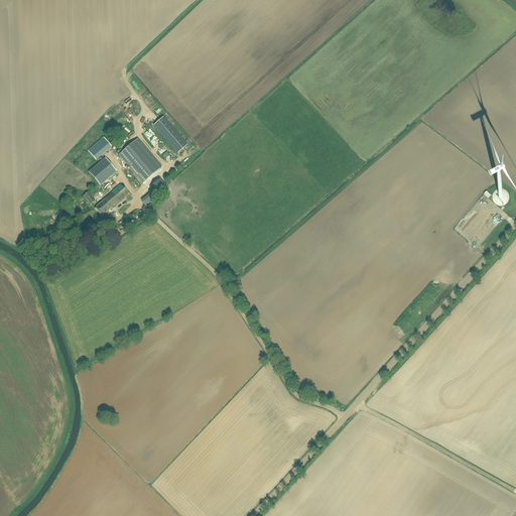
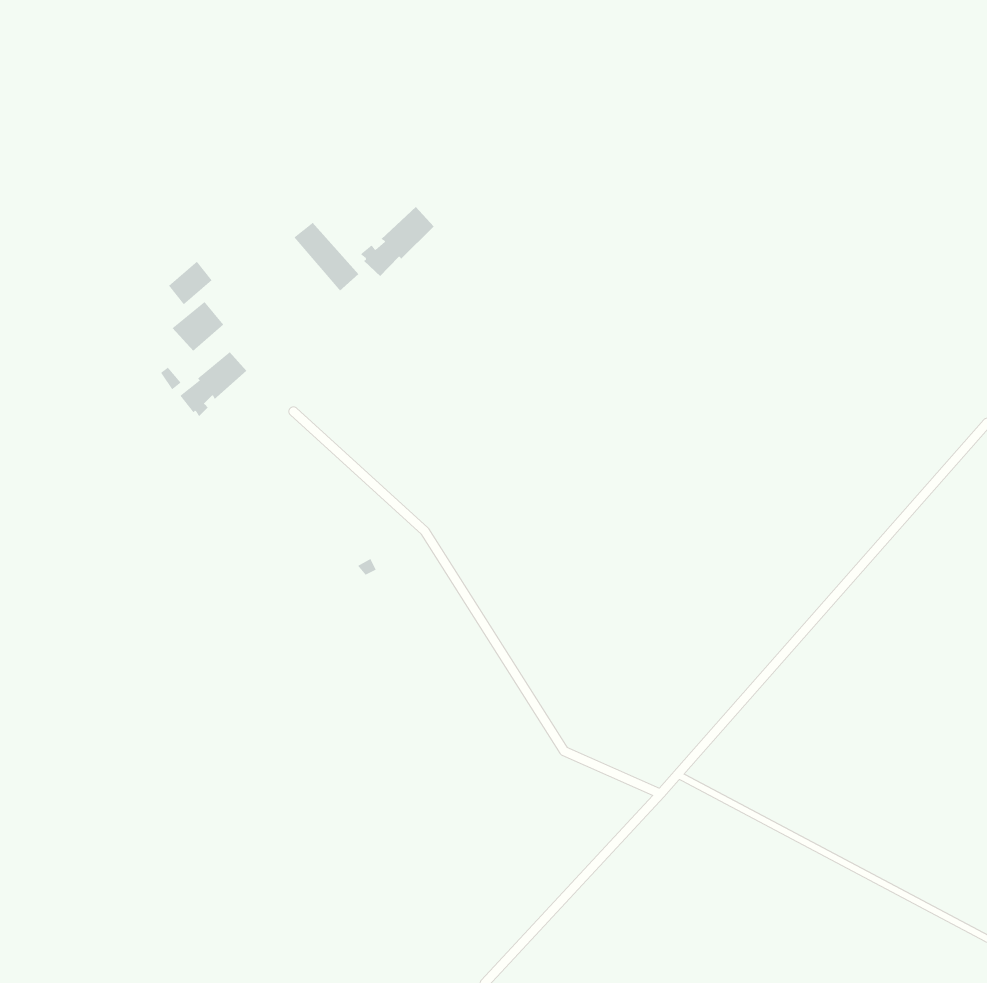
building: none -> [360,206,434,277]
building: [118,138,161,182] -> none

